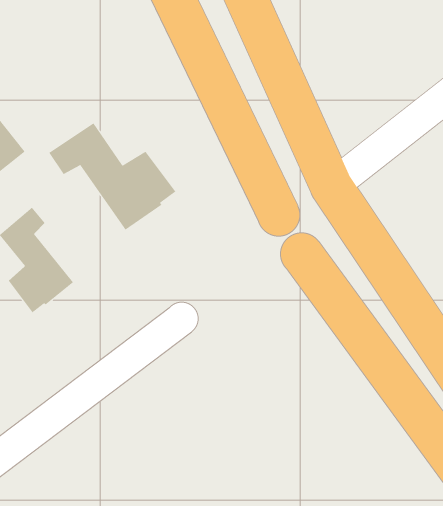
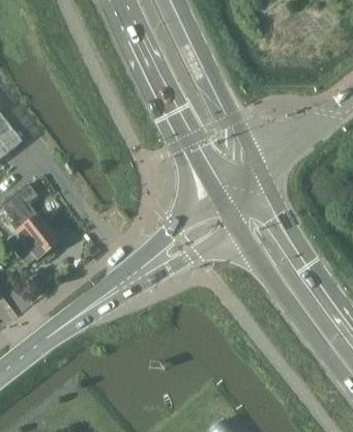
building: [49,123,176,231] -> none

